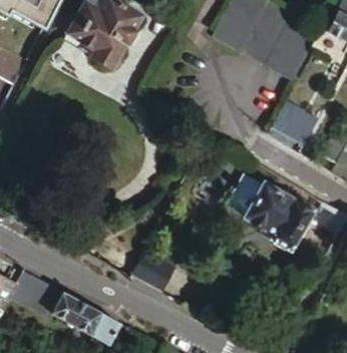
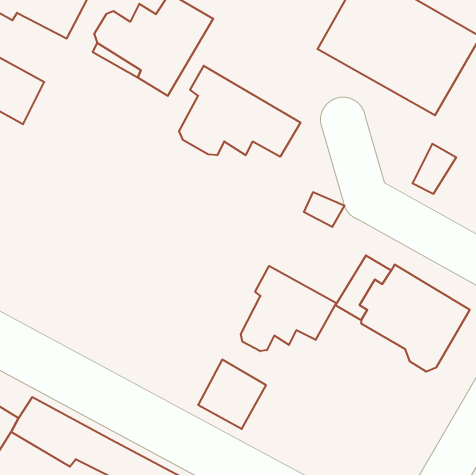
building: none -> [179,66,300,157]
building: none -> [241,266,336,351]

